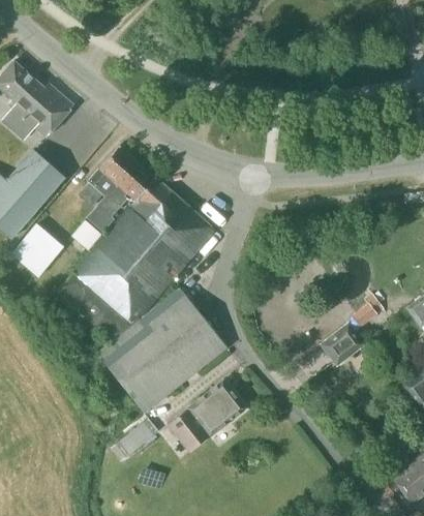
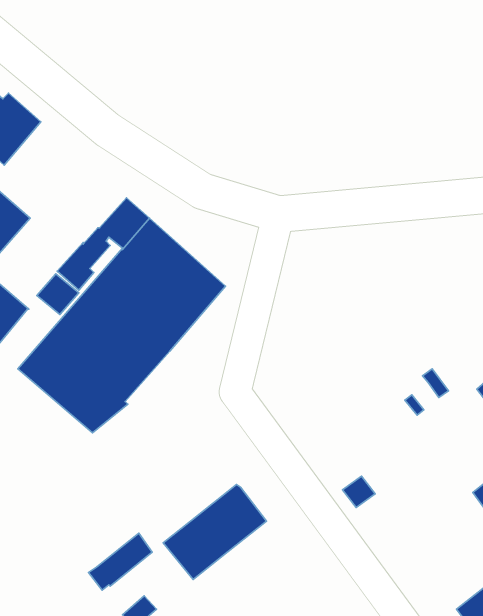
building: [88,146,139,198] -> none
building: [96,289,226,414] -> none
building: [319,322,366,367] -> none

